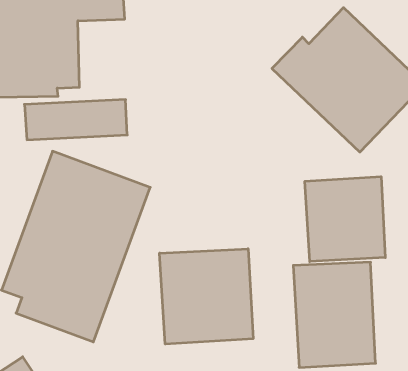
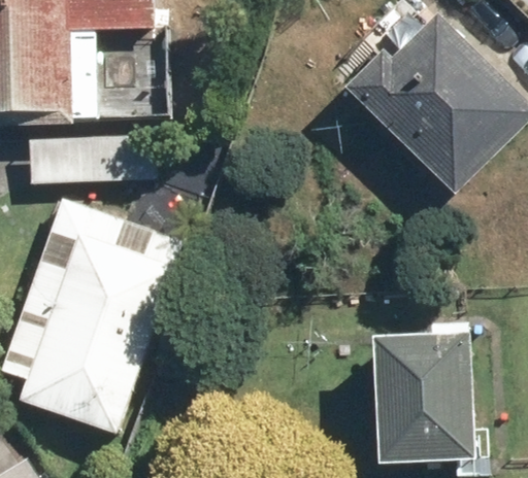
building: [305,177,385,262] -> none
building: [160,249,253,344] -> none

